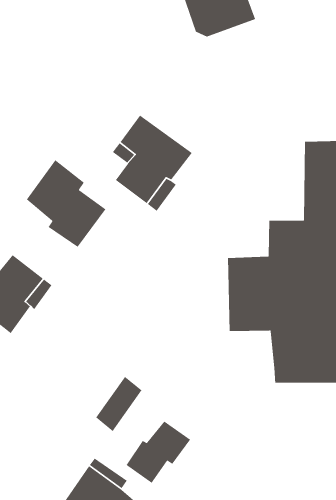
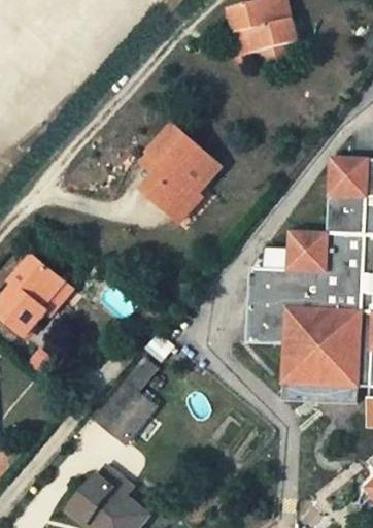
building: [26,159,106,248] -> none
building: [125,420,191,484] -> none

